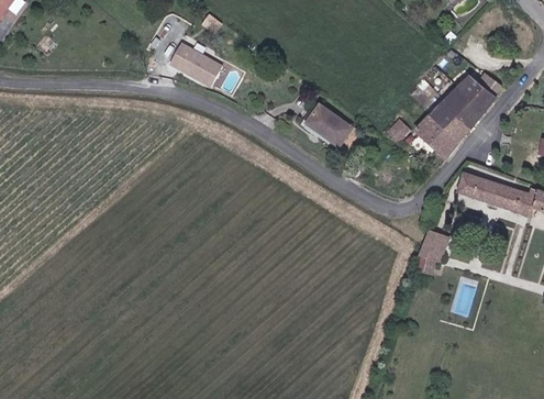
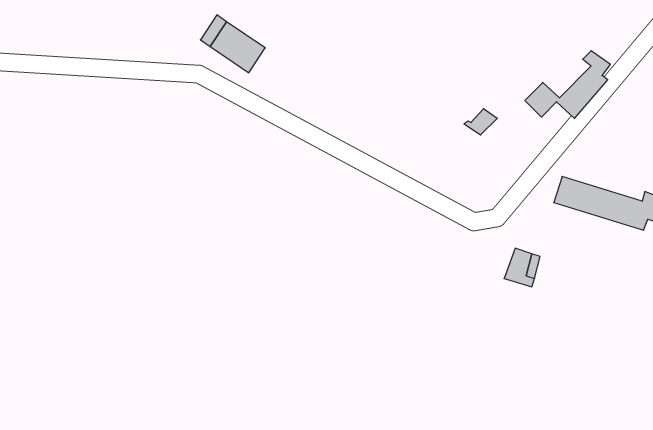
building: [447,75,486,110] -> none
building: [306,101,353,144] -> none
building: [415,112,458,156] -> none

